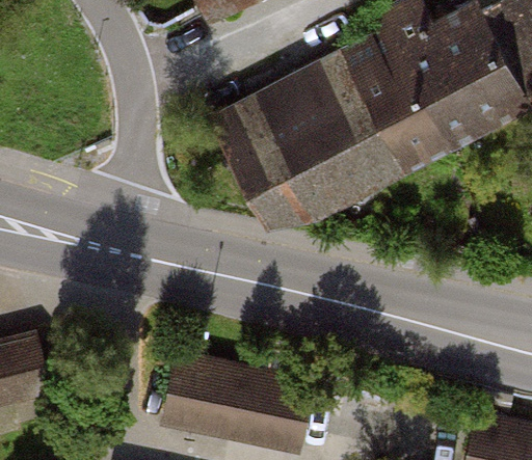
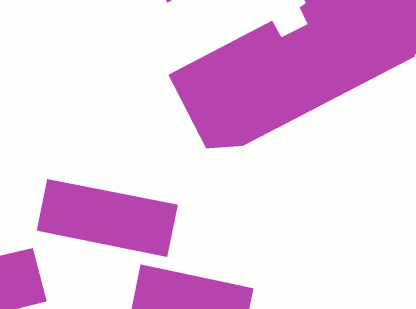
building: none -> [36,178,179,258]

